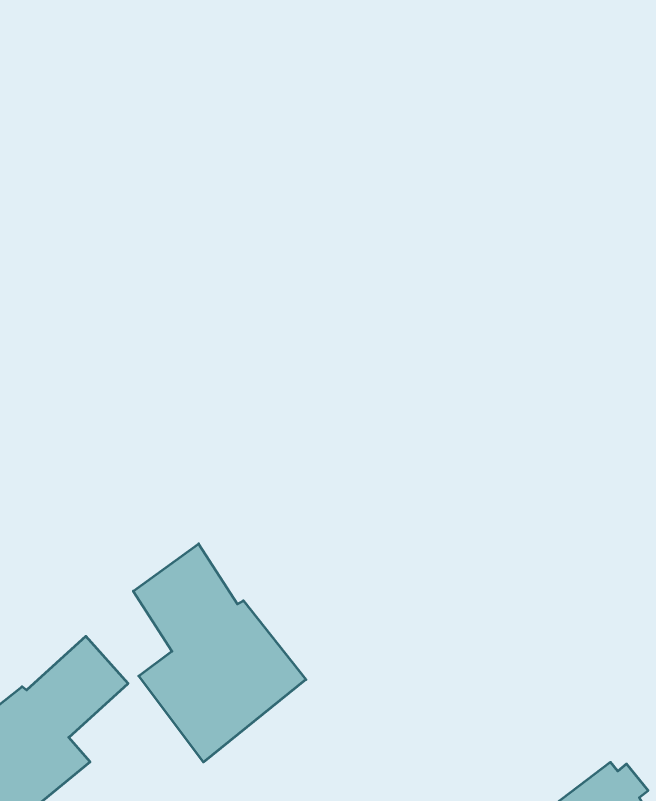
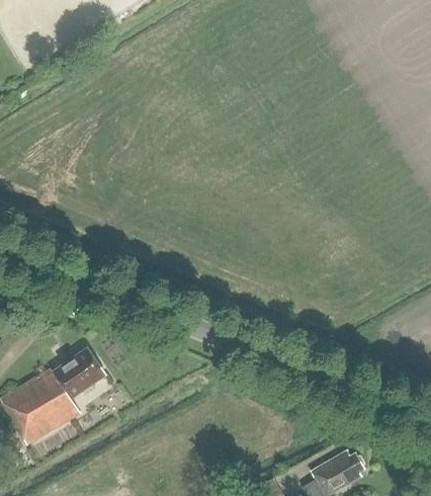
building: [133,544,306,762] -> none

